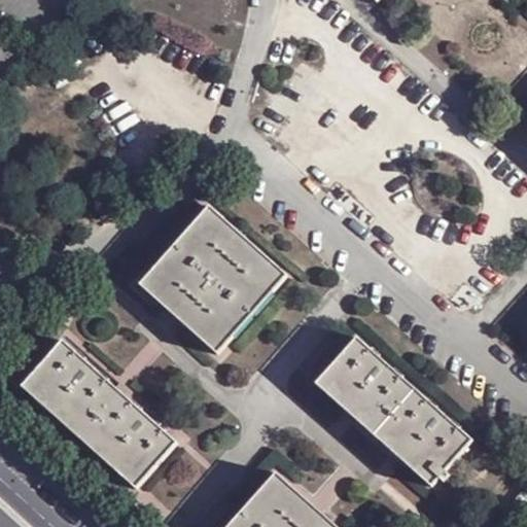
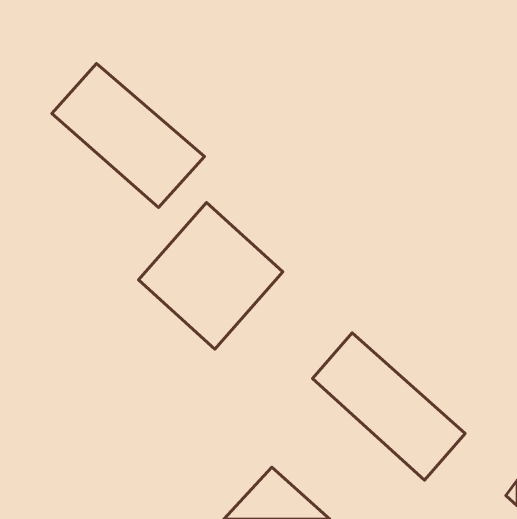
building: none -> [52,64,205,208]
building: [21,339,177,488] -> none

